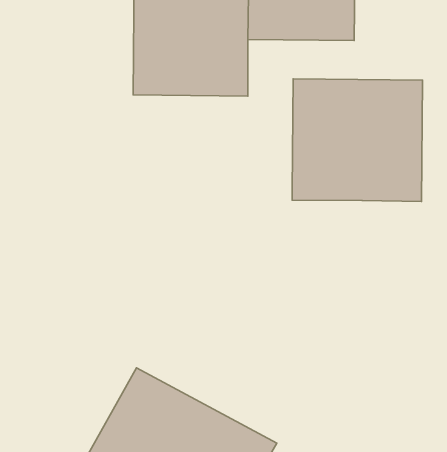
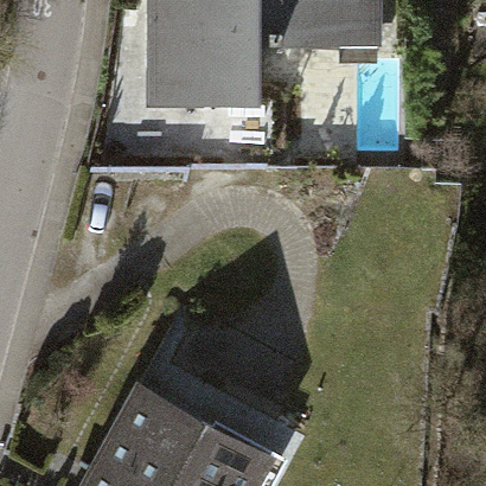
building: [292,79,423,202] -> none

